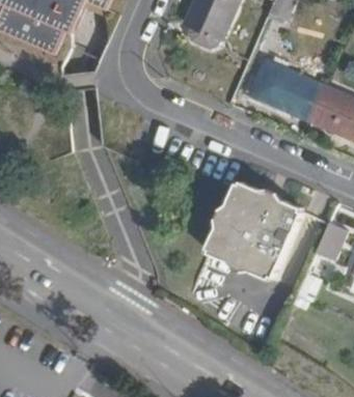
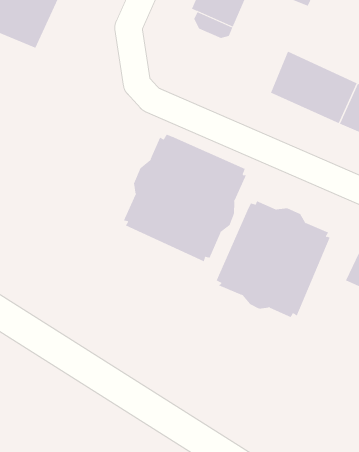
building: none -> [123,134,247,262]

